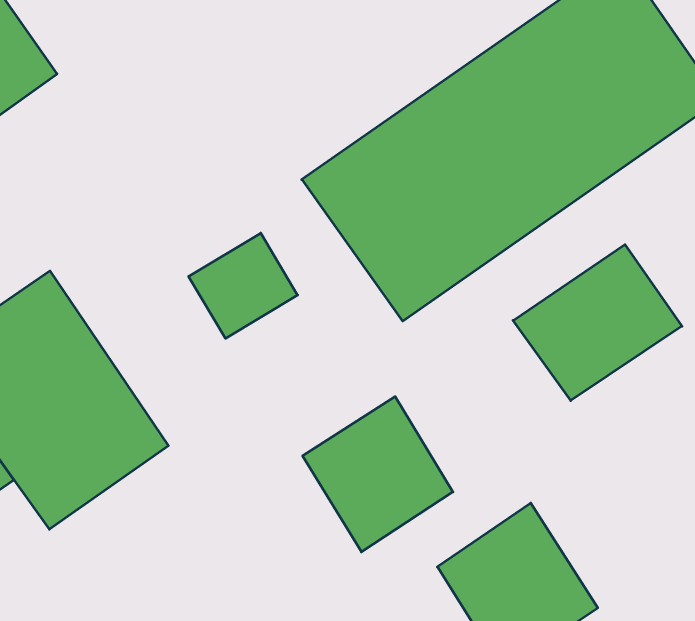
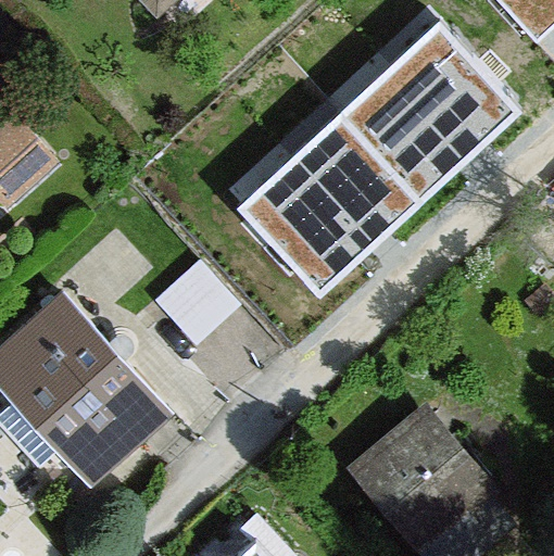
building: [513,245,682,401] -> none
building: [303,397,453,552] -> none

